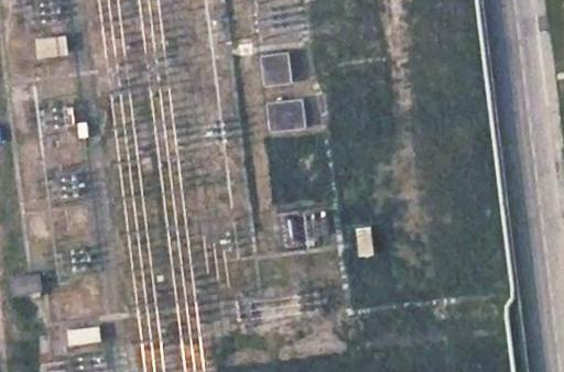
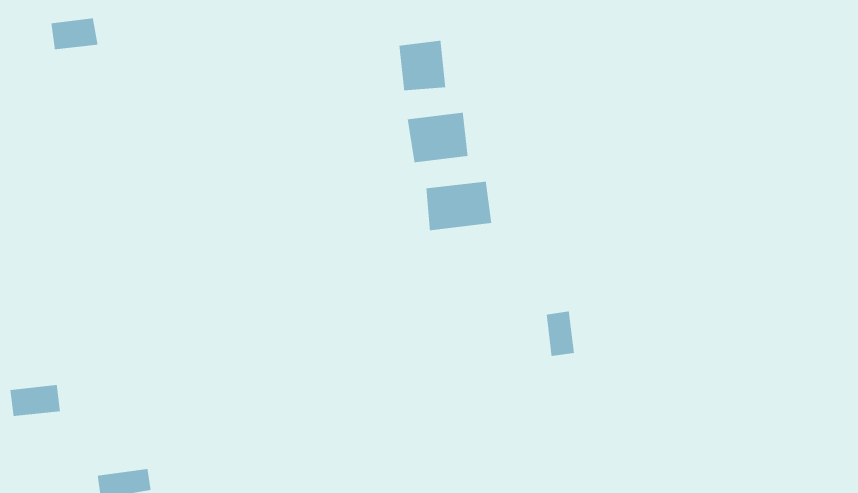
building: none -> [426,181,492,231]

